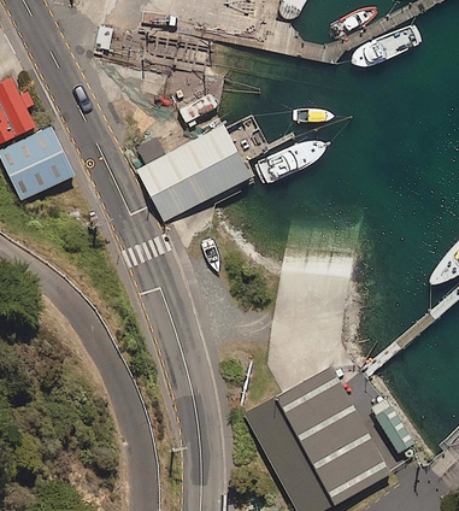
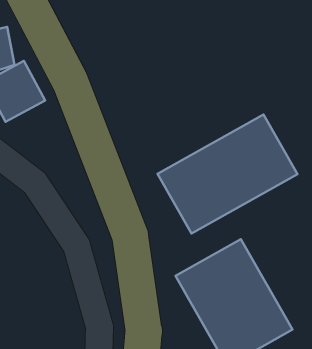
building: [137,127,252,224] -> none
building: none -> [157,115,297,233]

